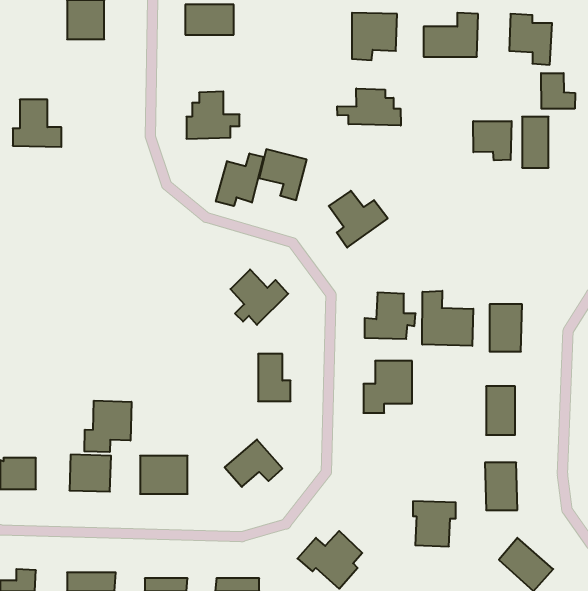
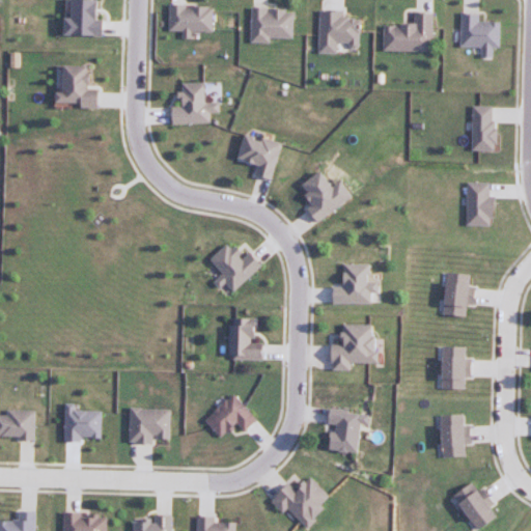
building: none -> [250,7,294,41]
building: [541,73,575,109] -> none
building: [337,88,401,126] -> none
building: [13,100,61,147] -> [54,65,97,108]
building: [473,121,512,160] -> none
building: [216,153,264,206] -> none
building: none -> [466,183,490,225]
building: [422,291,473,346] -> none
building: [84,401,131,452] -> none
building: [413,501,456,546] -> [326,411,364,451]

